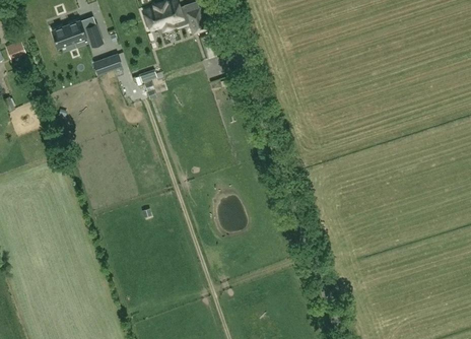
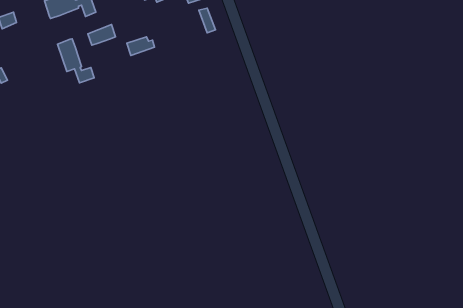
building: none -> [58,39,94,83]

